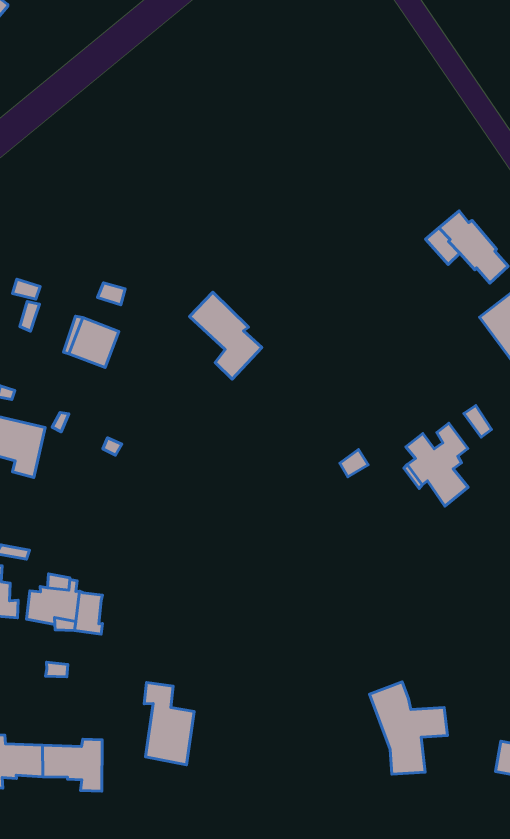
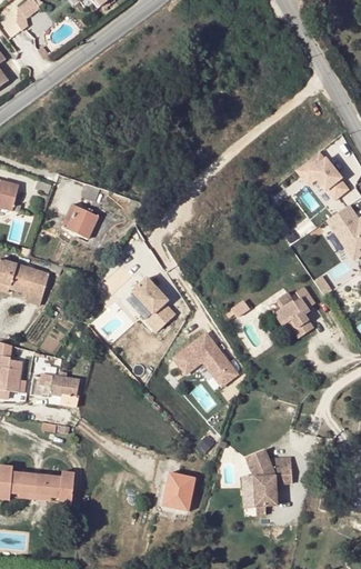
building: [190,292,262,379] -> [131,276,176,331]
building: none -> [172,333,235,386]
building: [144,683,194,765] -> [162,458,194,511]

